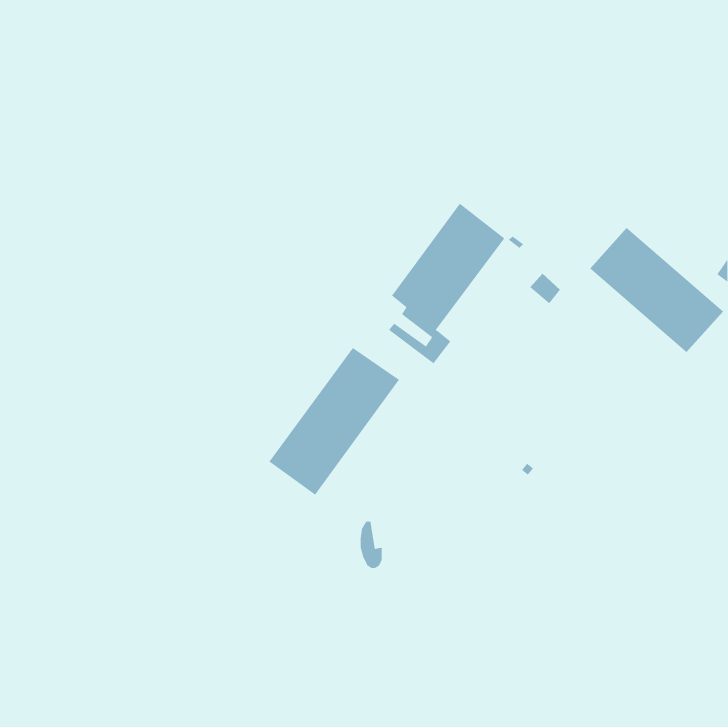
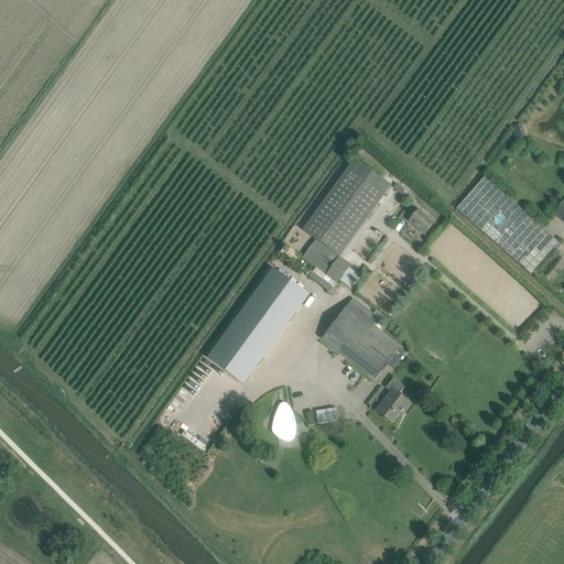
building: none -> [322,297,404,378]
building: none -> [375,376,410,422]

